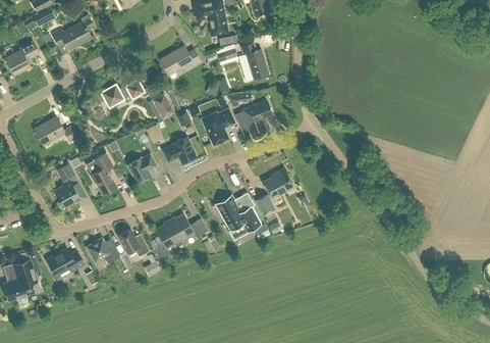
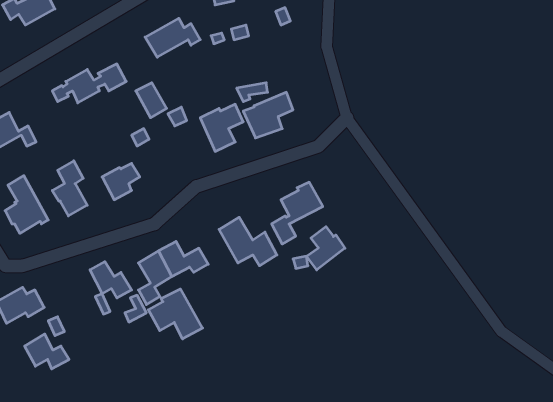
building: [241,43,268,78] -> none
building: [163,137,196,162] -> none
building: none -> [307,227,345,270]
building: [87,237,120,263] -> [25,334,69,369]
building: none -> [148,289,203,339]

